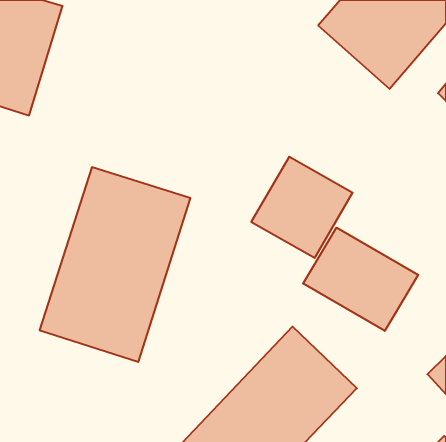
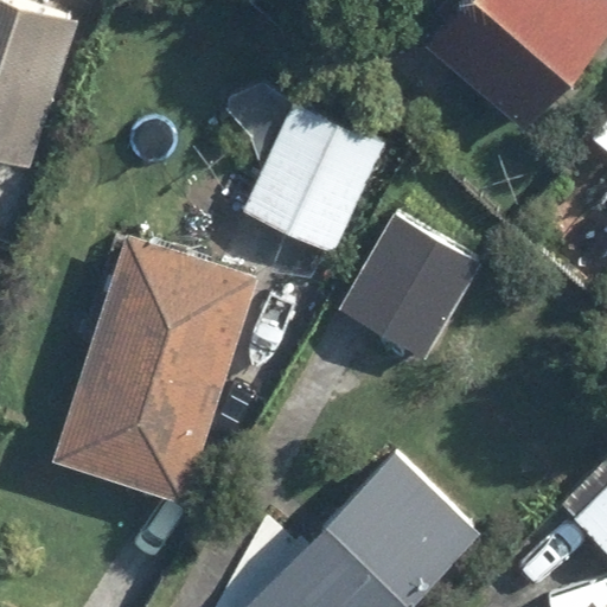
building: none -> [247,104,383,249]
building: [303,228,418,331] -> none

